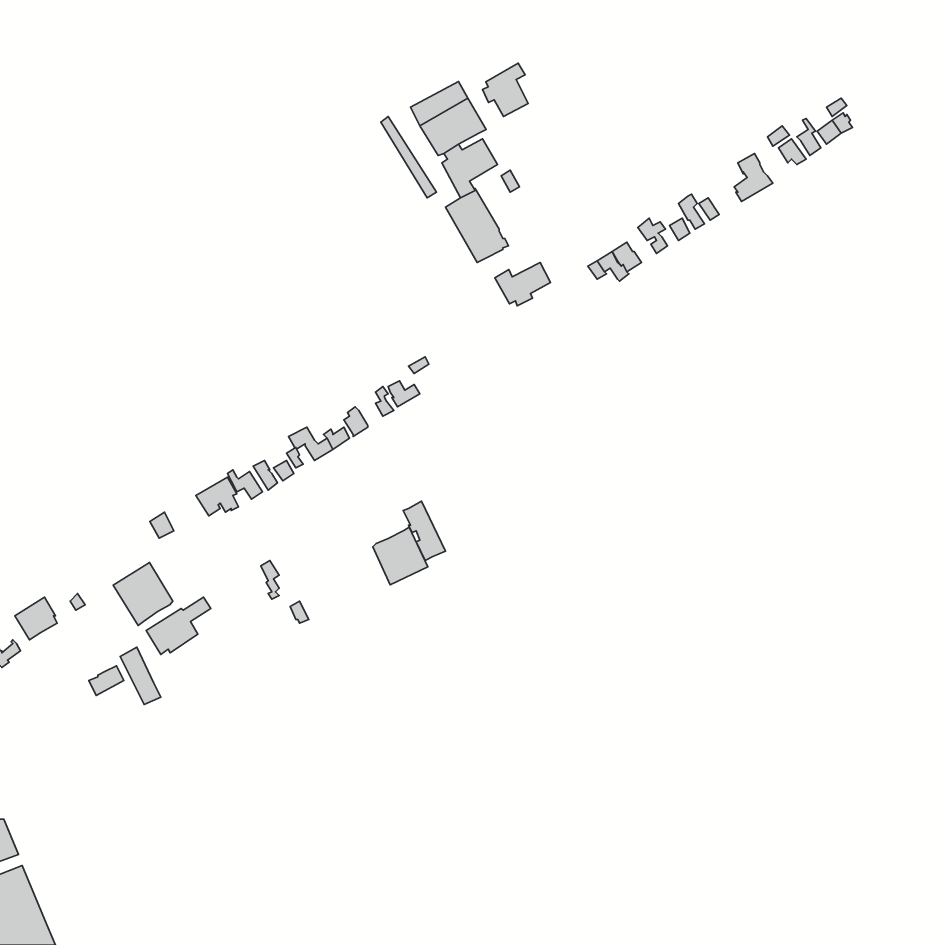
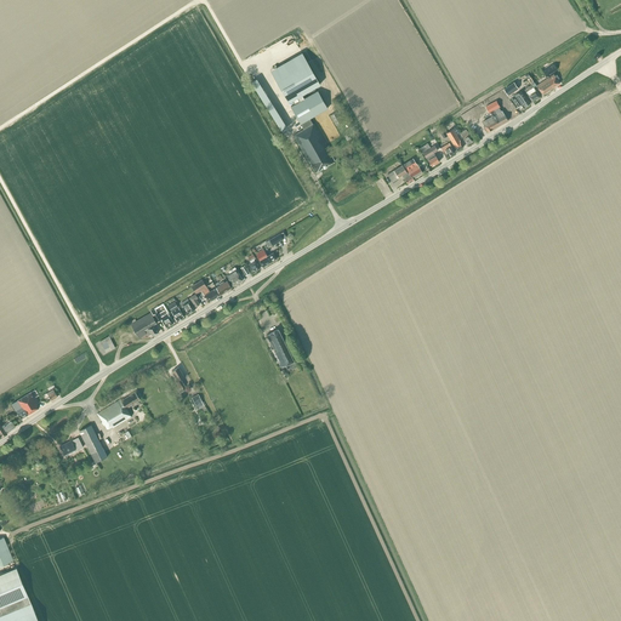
building: [482,63,528,117] -> none
building: [495,263,550,306] -> none
building: [373,527,428,585] -> none
building: [113,562,173,625] -> none

